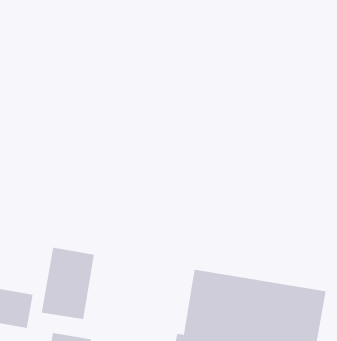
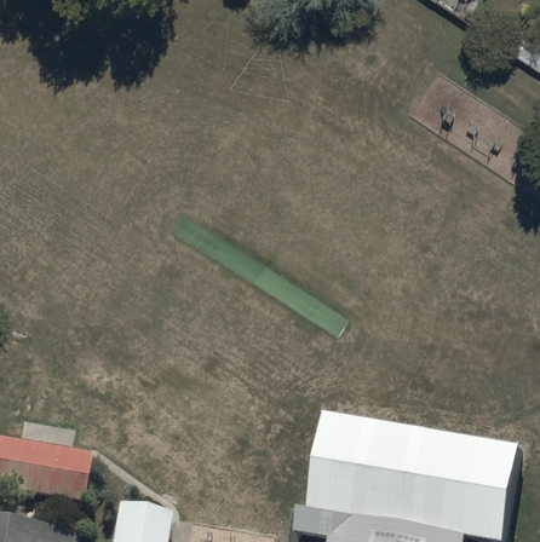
building: [41,247,95,320] -> none

